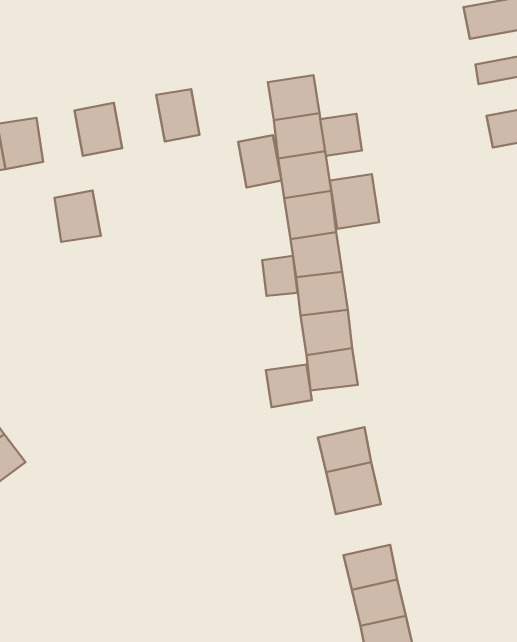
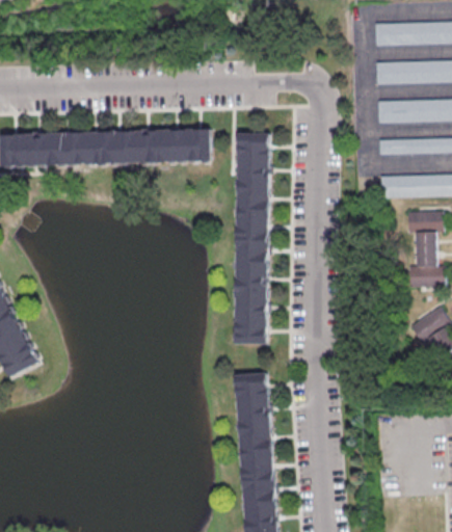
building: none -> [132,129,162,161]
building: [320,114,362,156] -> none
building: [238,135,281,187] -> [185,128,210,160]
building: [330,174,379,229] -> none
building: [55,190,101,242] -> [79,131,106,162]
building: [262,256,297,296] -> none
building: [266,365,312,407] -> none
building: none -> [238,425,271,455]

